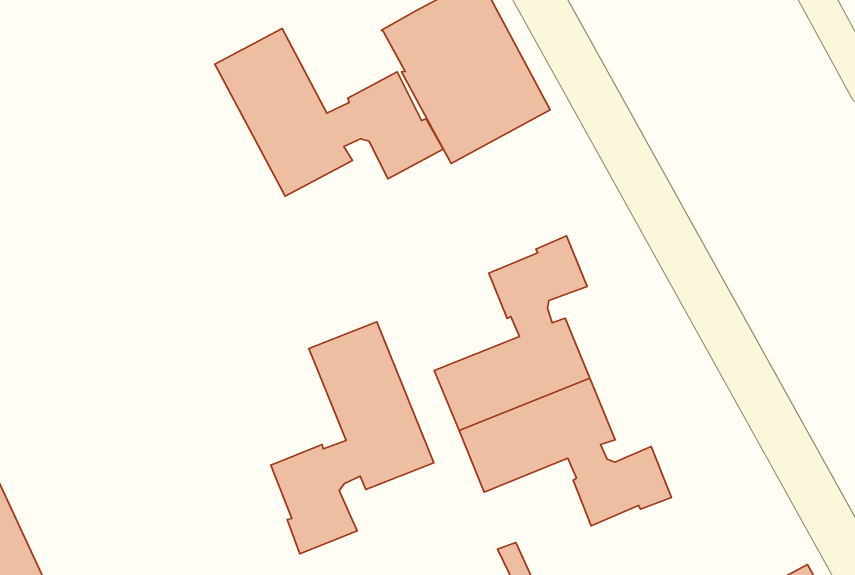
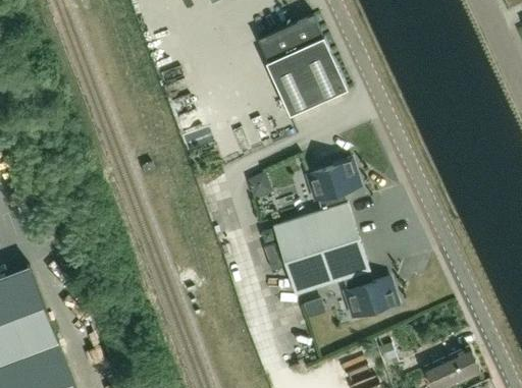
building: [215,29,443,196] -> none
building: [271,322,434,554] -> none

